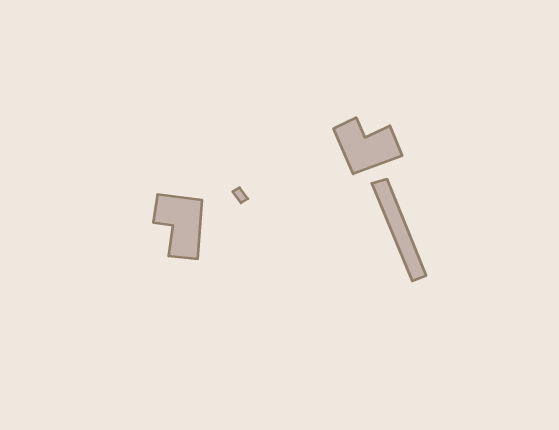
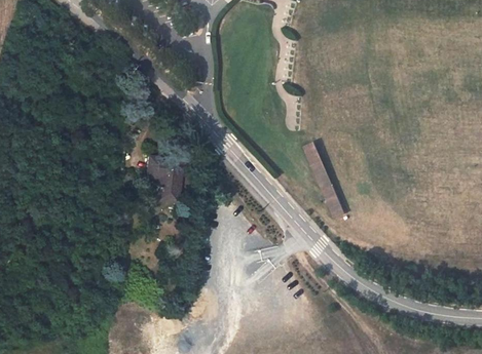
building: [334,118,402,174] -> none

